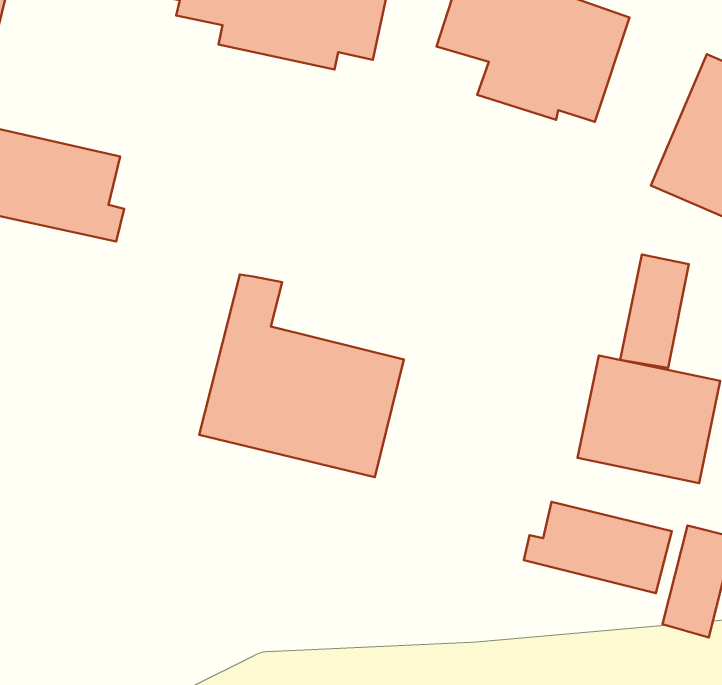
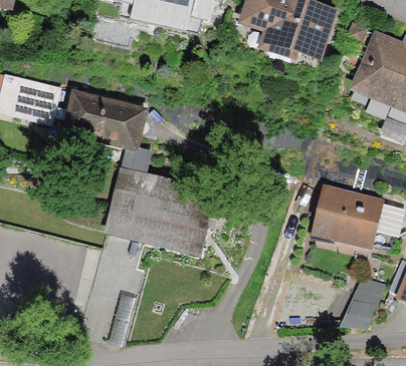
building: none -> [64,90,145,144]
building: [620,255,689,368] -> none
building: [524,502,672,593] -> none

